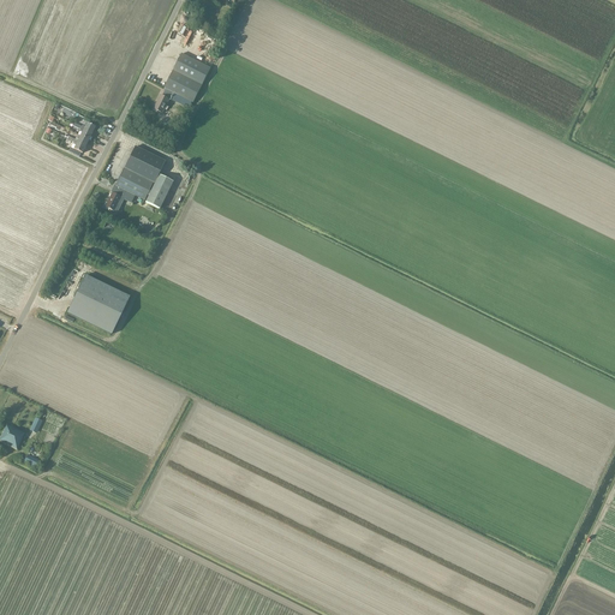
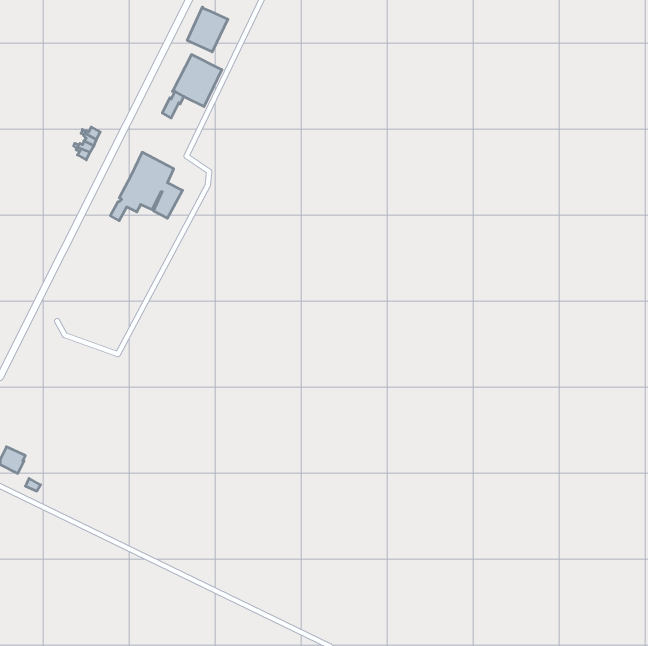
building: none -> [187,7,228,52]
building: [66,273,129,333] -> none

